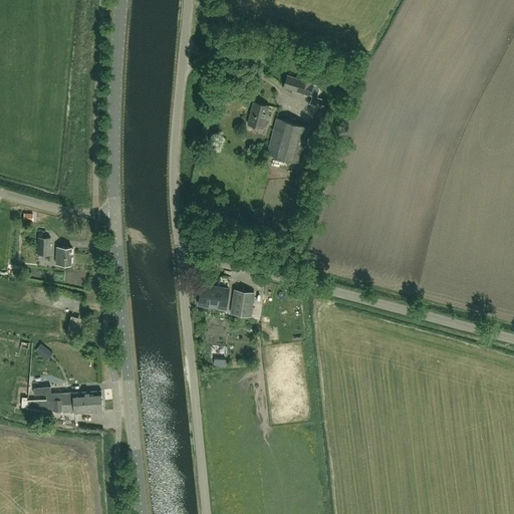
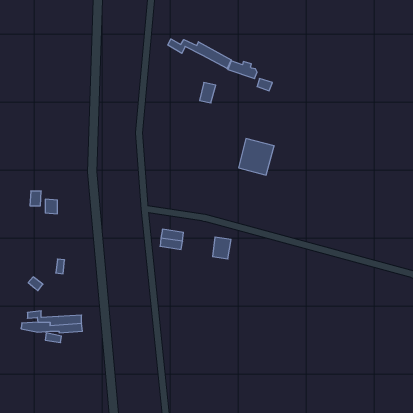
building: none -> [168,39,231,69]
building: [267,118,311,164] -> [239,139,274,175]
building: [231,290,254,317] -> [213,237,231,259]

